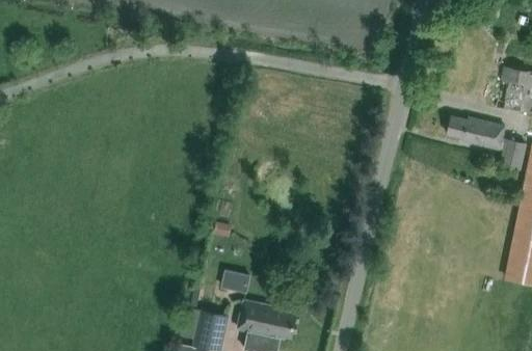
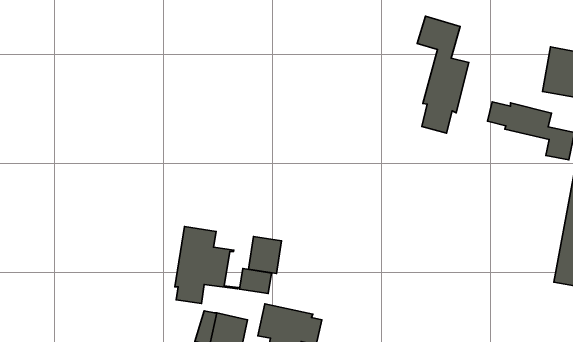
building: none -> [417,16,469,133]
building: none -> [175,226,238,303]
building: none -> [248,237,282,274]

